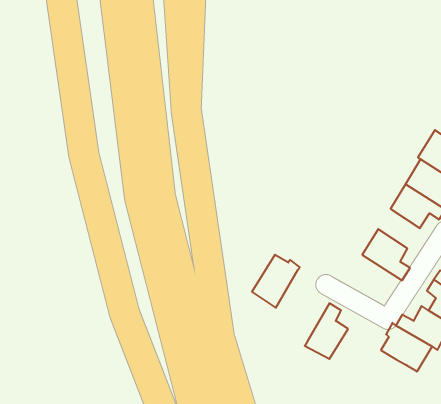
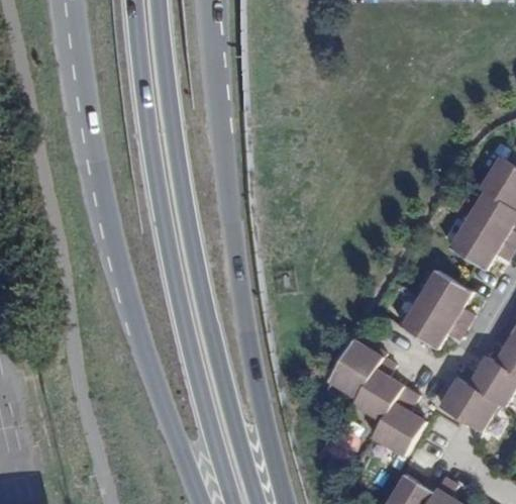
building: [252,255,300,308] -> [328,338,383,399]
building: none -> [401,300,463,349]
building: none -> [372,385,424,455]

